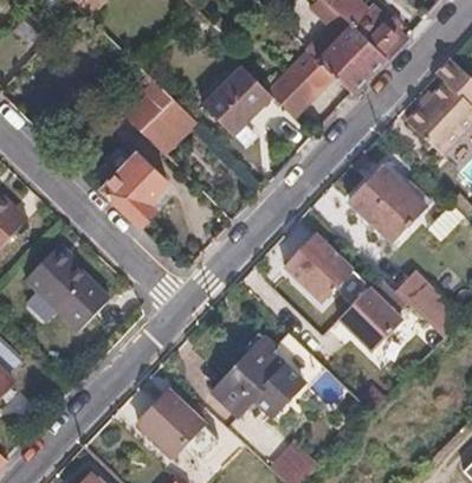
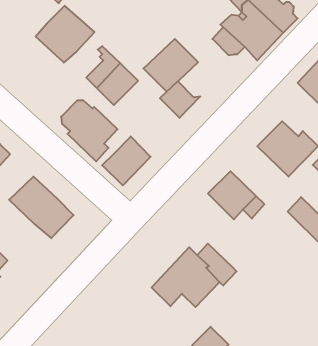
building: none -> [36,6,94,63]
building: [270,62,323,110] -> [160,81,200,118]
building: none -> [102,136,151,185]
building: [338,286,401,350] -> none
building: [137,398,200,462] -> none

